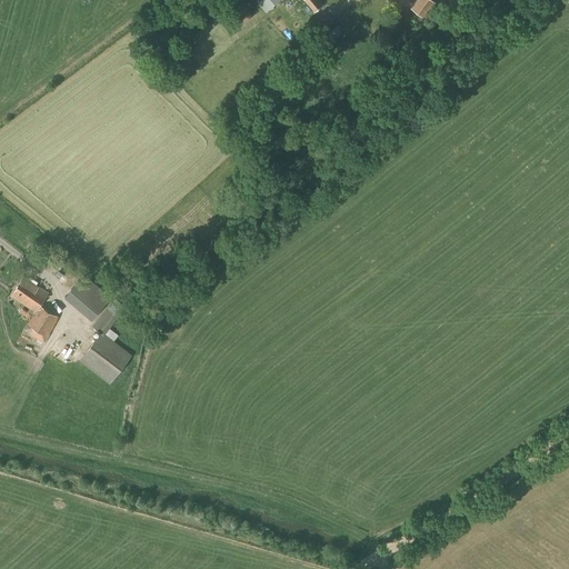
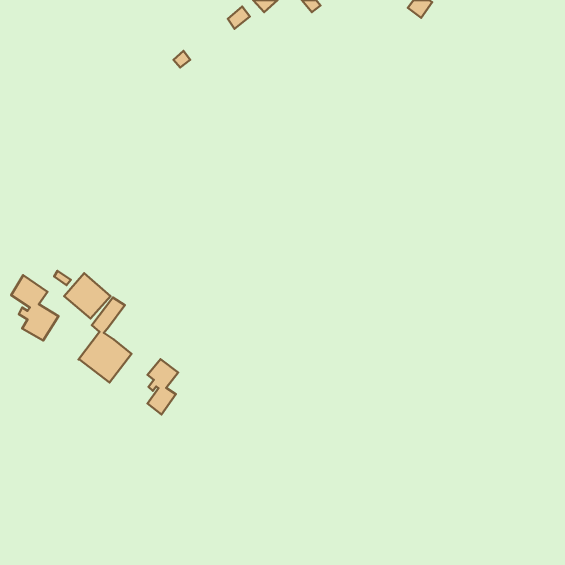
building: none -> [147,359,178,415]

